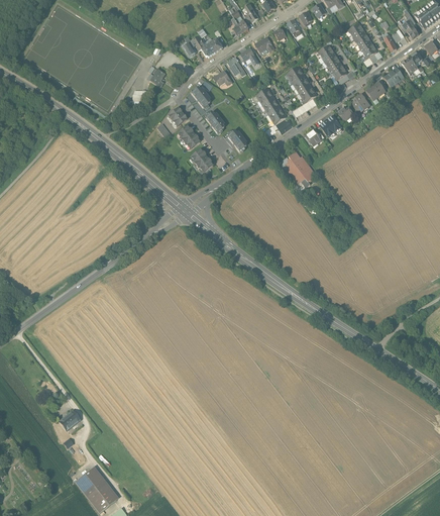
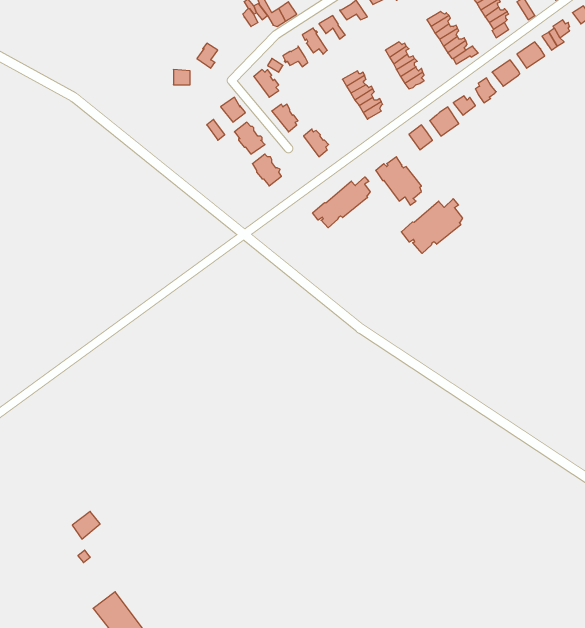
building: none -> [313,177,370,228]
building: none -> [401,199,462,253]

